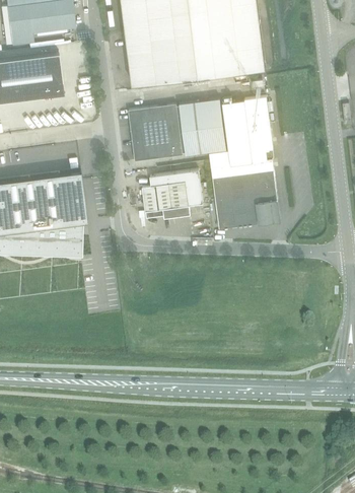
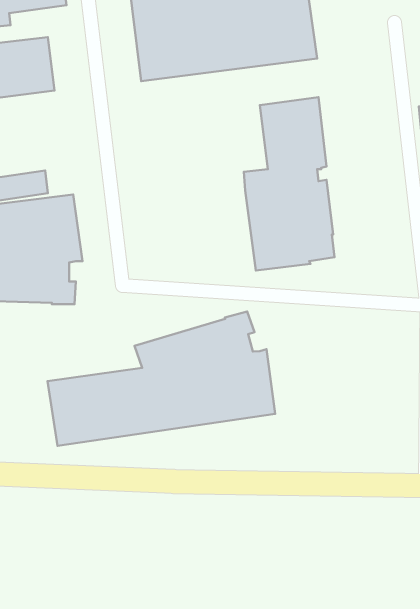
building: [129,100,226,163] -> none
building: [142,171,203,220] -> none
building: none -> [48,312,275,446]

